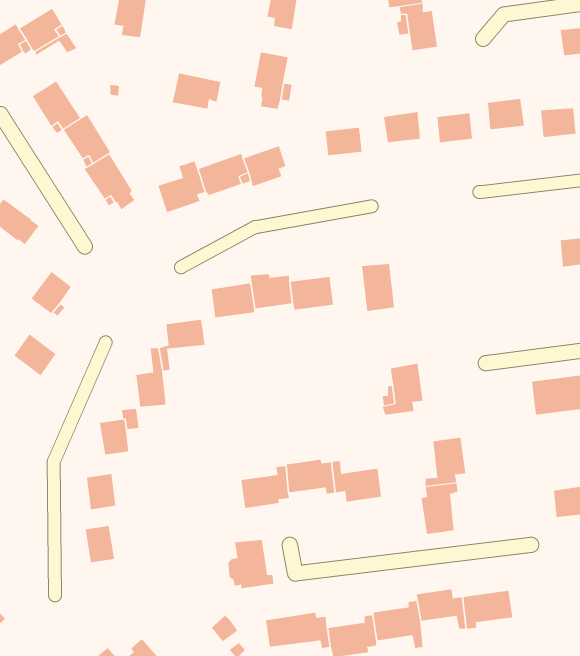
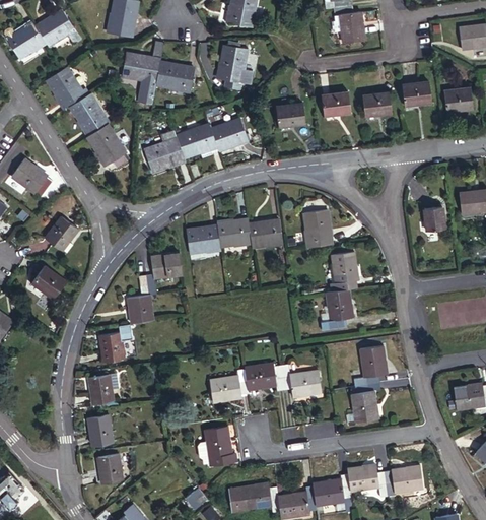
building: none -> [123,43,164,104]
building: none -> [425,207,444,231]
building: none -> [331,252,358,291]
building: none -> [95,454,122,483]

